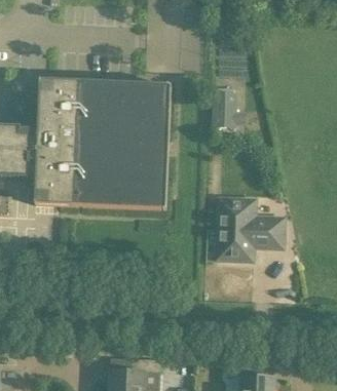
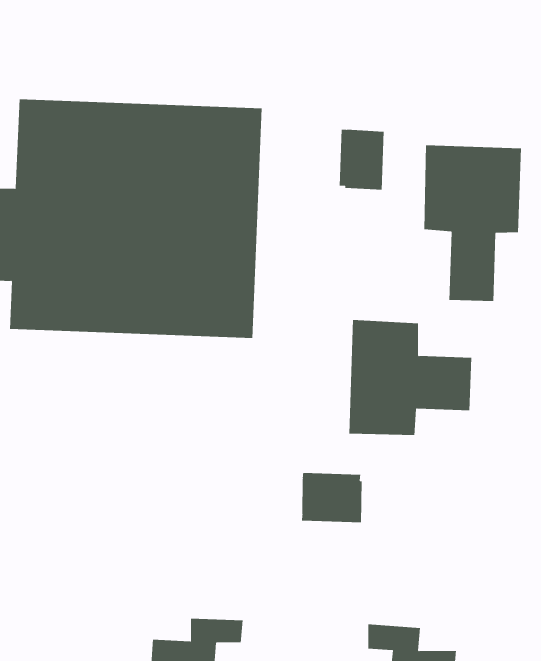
building: none -> [424,145,522,302]
building: none -> [301,472,362,523]

